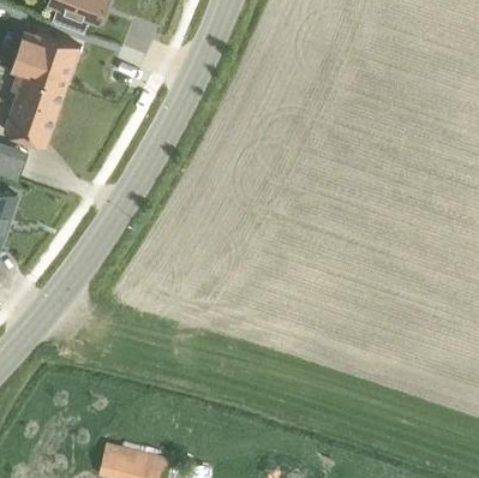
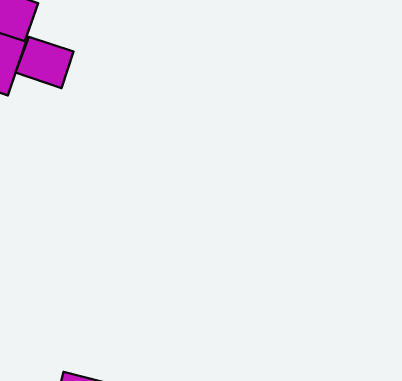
building: none -> [16,37,74,88]

